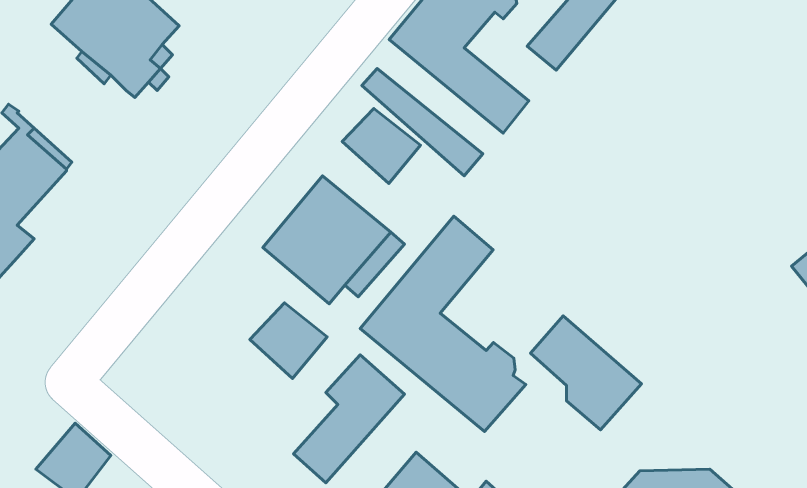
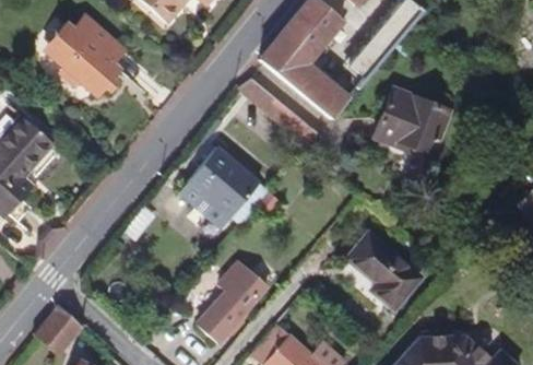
building: none -> [374,87,450,158]
building: [342,108,420,183] -> none
building: [360,216,526,432] -> none
building: [250,303,327,379] -> none

